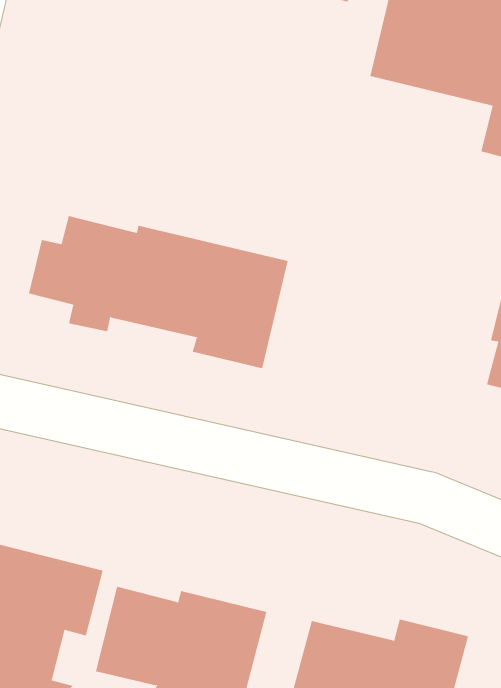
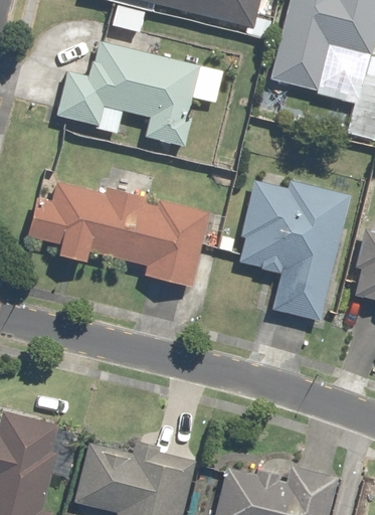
building: none -> [54,40,224,147]
building: none -> [238,179,352,321]

